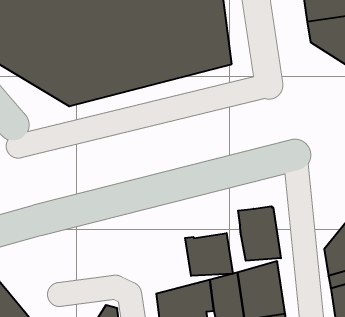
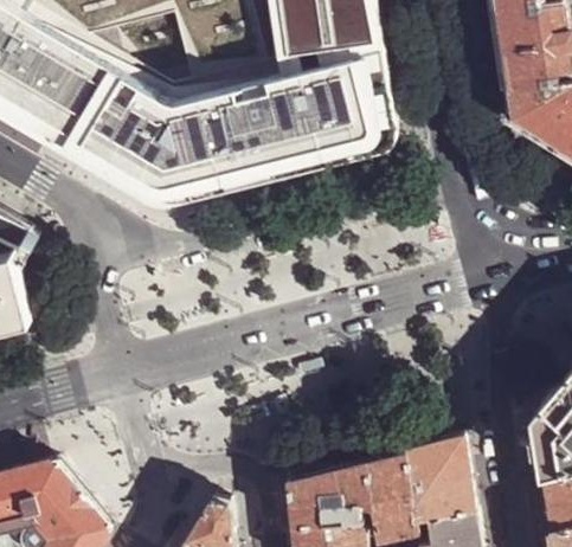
building: [238,206,281,261] -> none
building: [185,233,233,276] -> none

